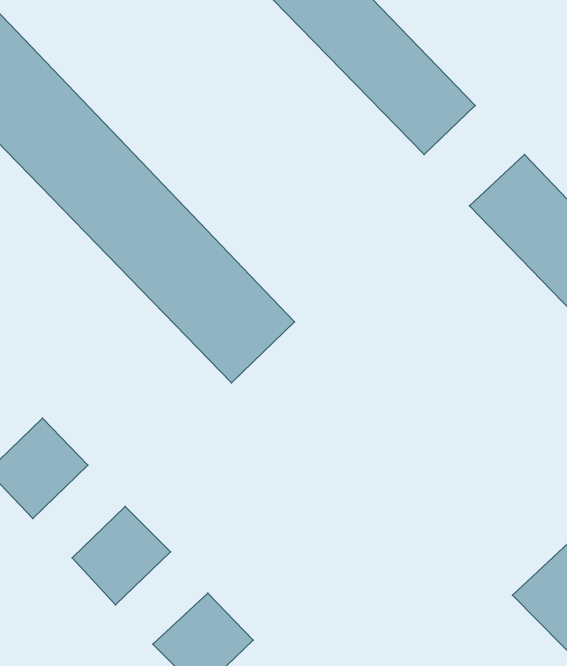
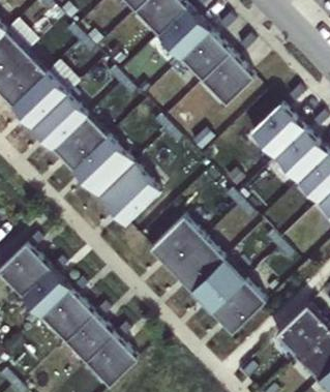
building: none -> [151,217,267,335]
building: none -> [23,268,71,318]
building: none -> [66,313,115,362]

